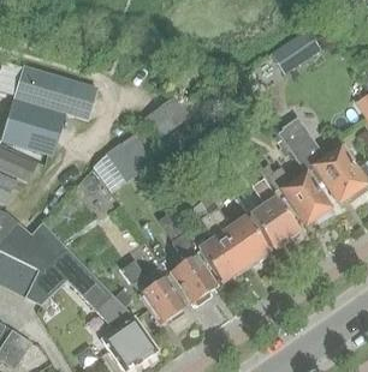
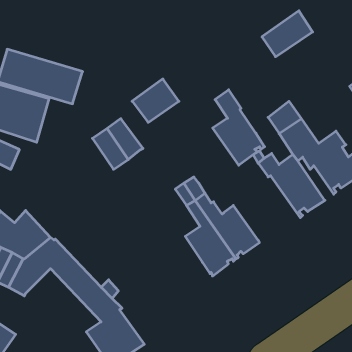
building: [248,178,298,251] -> [213,90,265,165]
building: [170,234,215,305] -> none
building: [121,260,184,328] -> none

